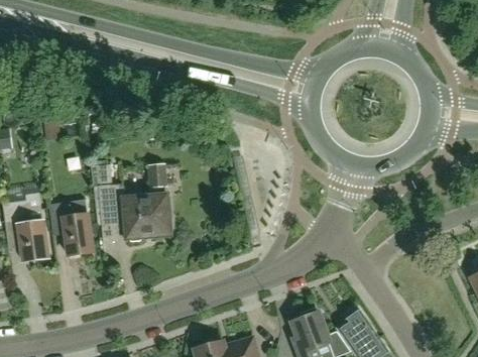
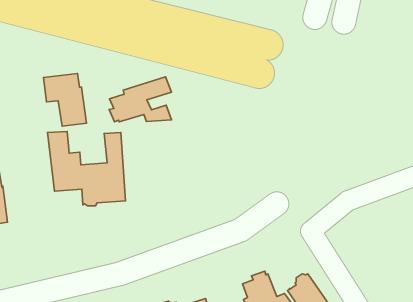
building: none -> [109,77,171,122]
building: [50,201,95,255] -> [44,73,86,126]

